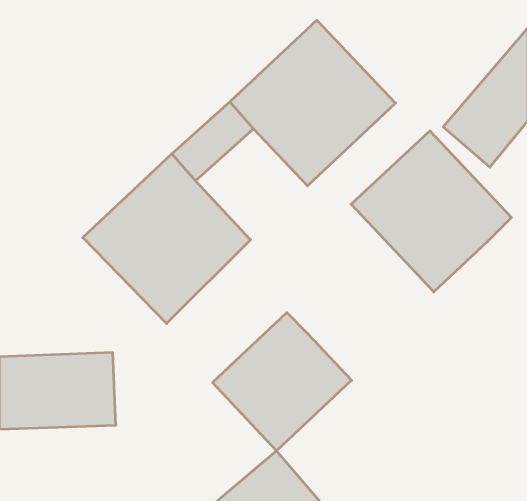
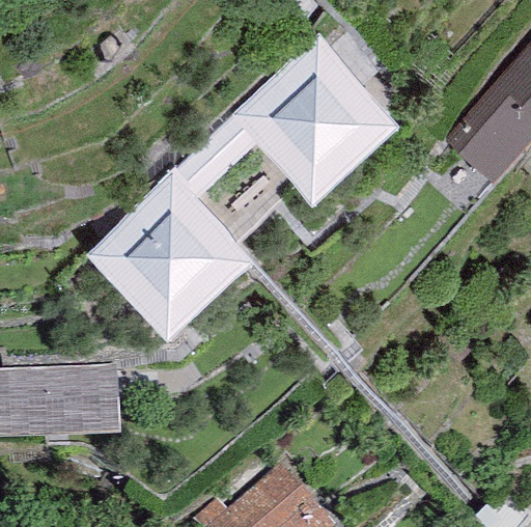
building: [351,131,511,292] -> none
building: [213,313,352,451] -> none

